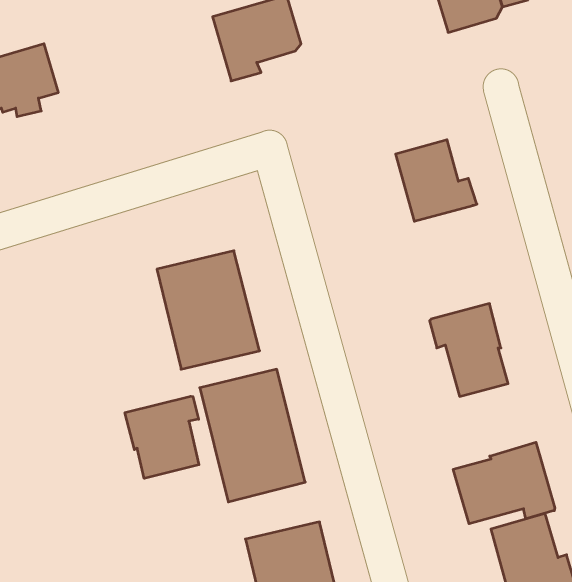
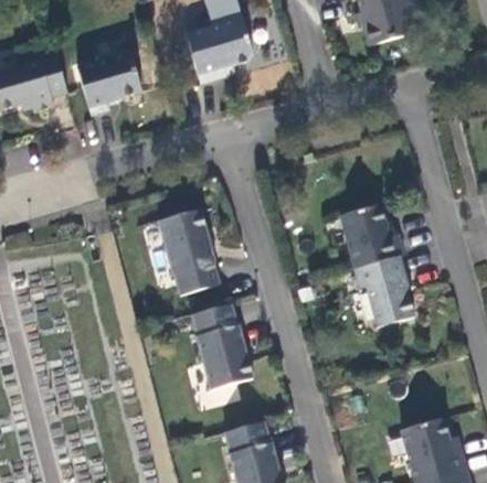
building: none -> [76,50,141,112]
building: [396,140,477,221] -> [340,203,403,266]
building: [125,396,199,478] -> none
building: [453,442,555,524] -> none

